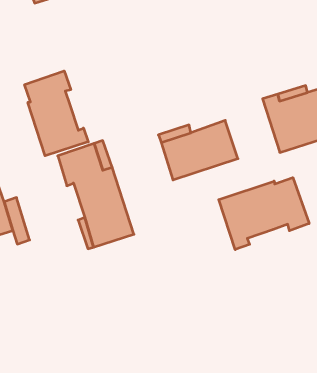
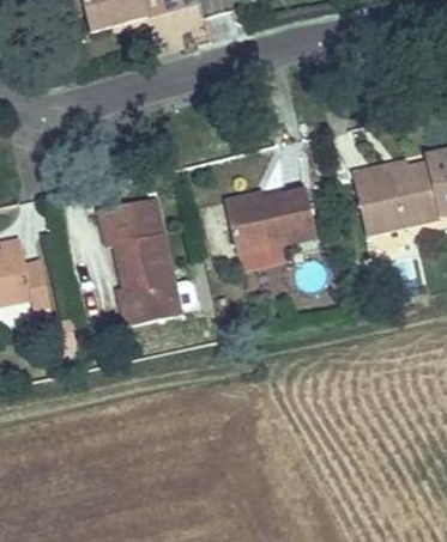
building: [25,71,88,156] -> none
building: [219,178,309,250] -> none

